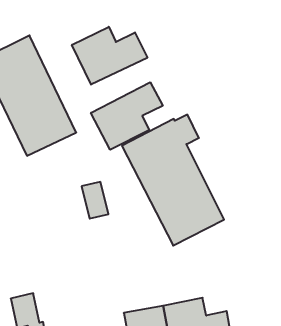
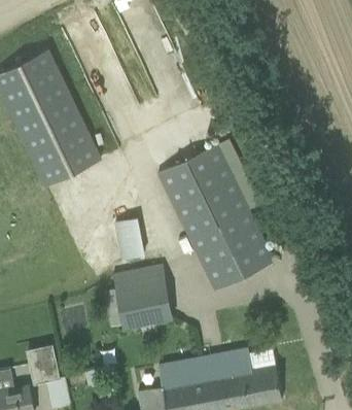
building: [72,27,147,85] -> none
building: [91,82,163,150] -> none
building: none -> [106,265,174,336]

